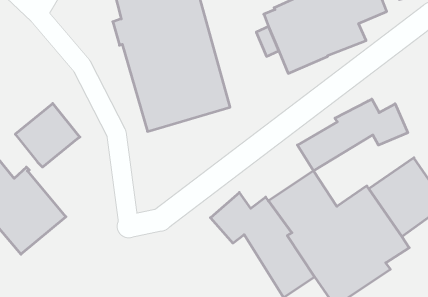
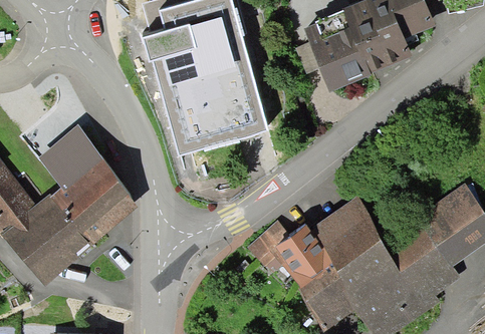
building: [297,99,408,171] -> none
building: none -> [51,162,140,246]

